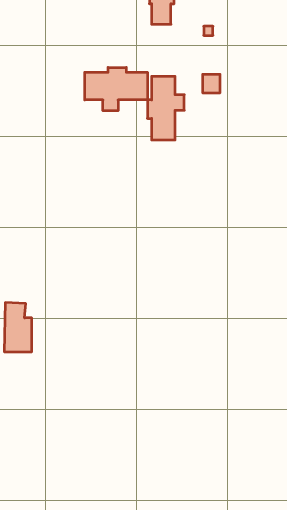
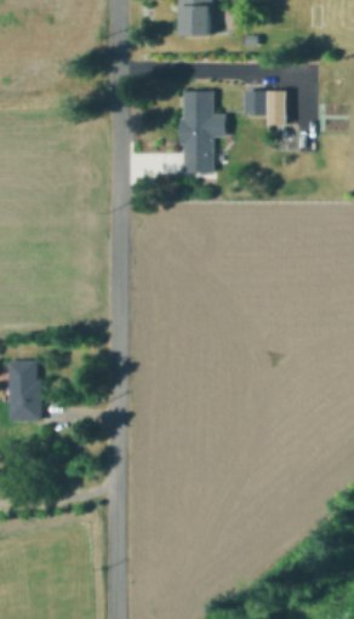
building: [85,67,147,111] -> none
building: none -> [266,92,286,125]

